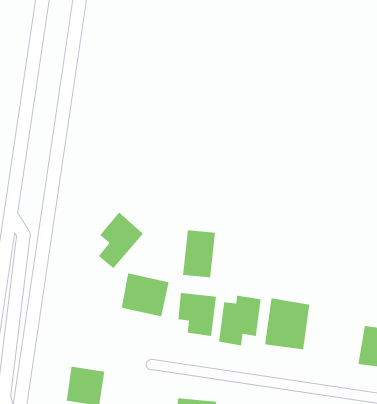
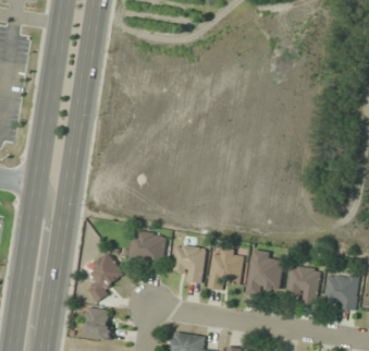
building: [98,211,144,269] -> [86,253,124,301]
building: [182,229,216,278] -> none
building: none -> [287,265,320,304]

